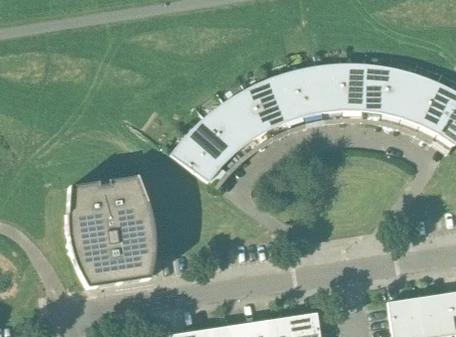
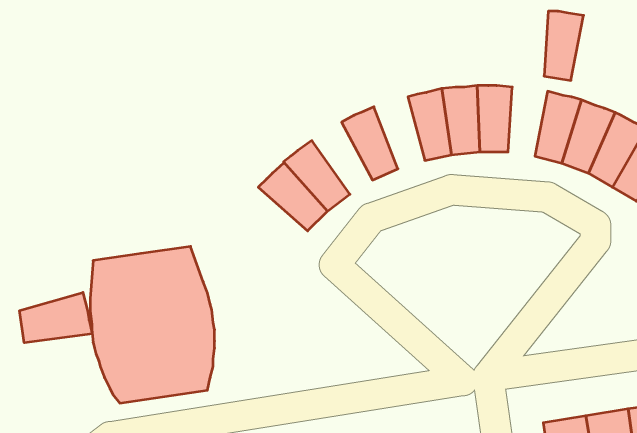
building: [363,65,391,114] -> [544,11,584,80]
building: [268,72,304,123] -> none
building: [224,90,267,141] -> none
building: [170,136,221,183] -> none
building: none -> [20,292,92,343]

